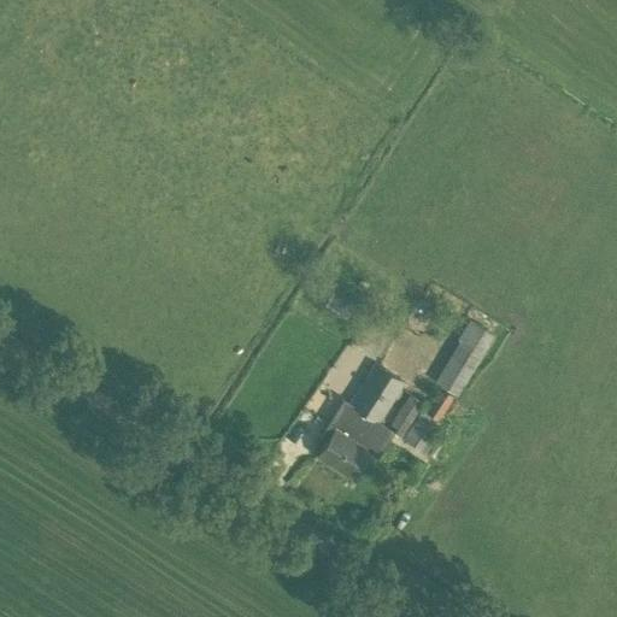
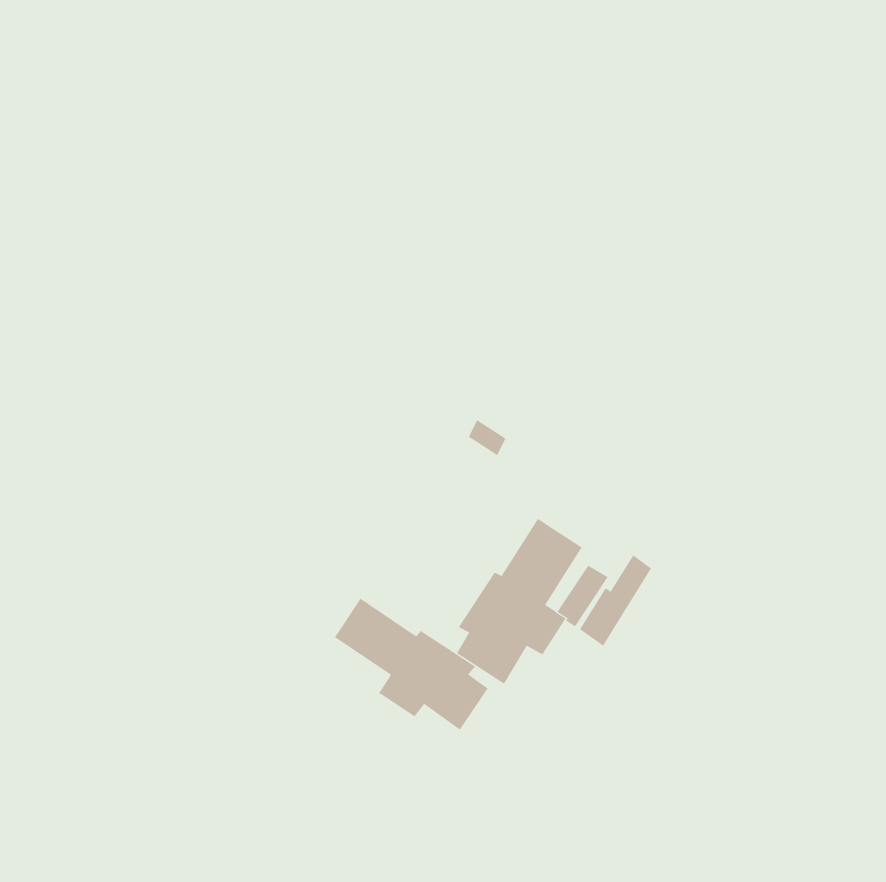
building: [434,321,494,398] -> none
building: none -> [334,598,488,730]

